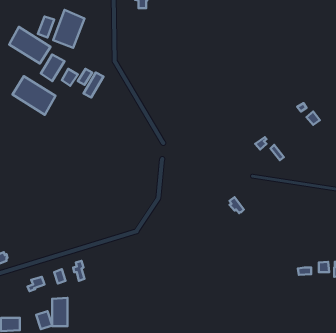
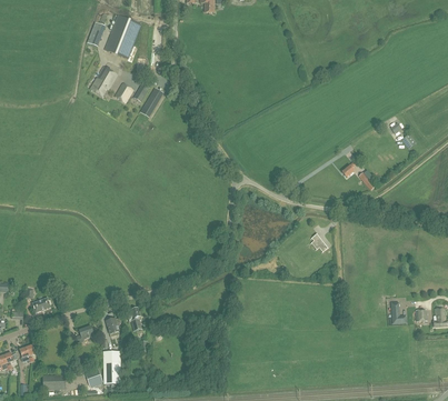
building: [9,27,50,63] -> none
building: [12,76,56,115] -> none

